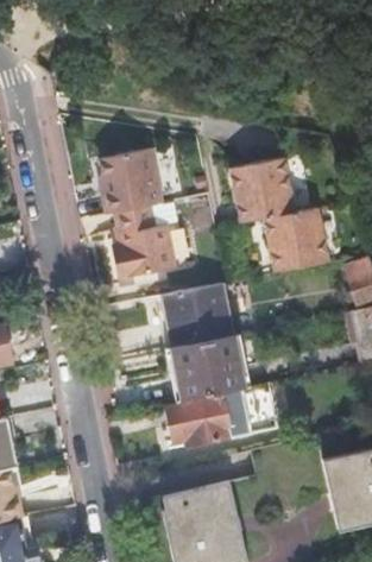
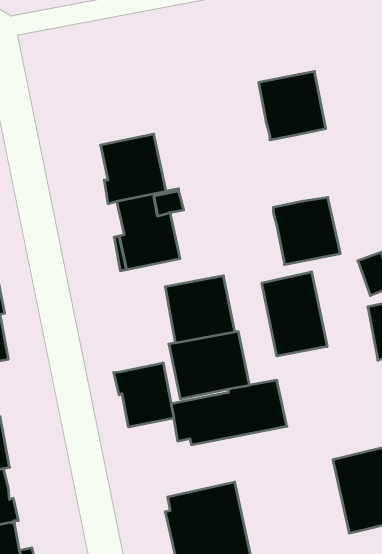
building: [229,157,294,222] -> [259,71,326,140]
building: none -> [262,272,327,356]
building: none -> [114,363,174,427]

